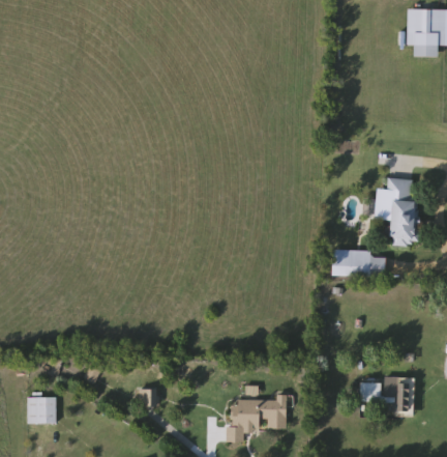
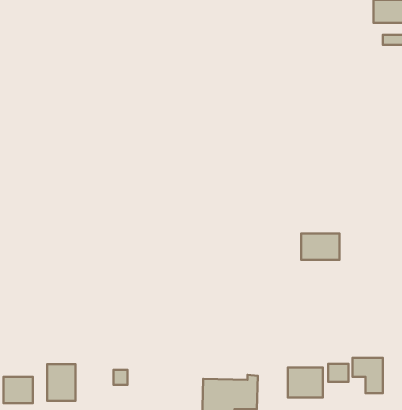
building: [385,178,419,246] -> none
building: none -> [47,364,75,401]
building: none -> [288,367,323,398]

